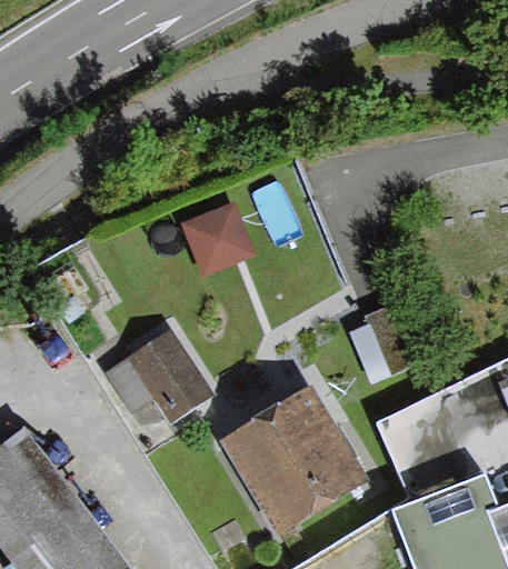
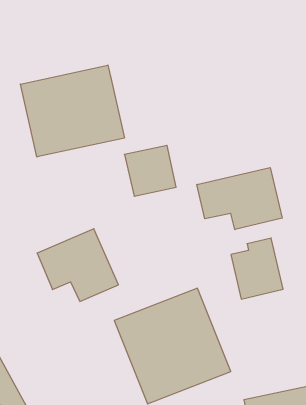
building: none -> [20,65,124,157]
building: none -> [197,168,282,230]

